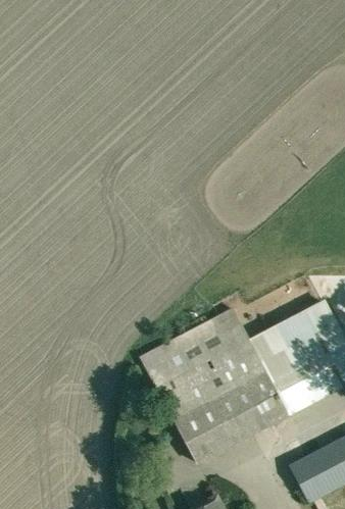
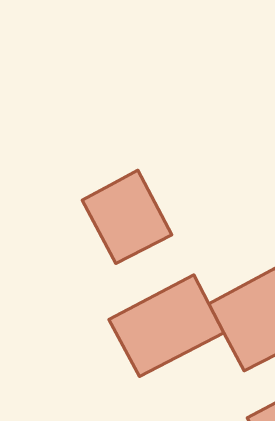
building: none -> [82,170,172,264]
building: [174,372,288,463] -> none

